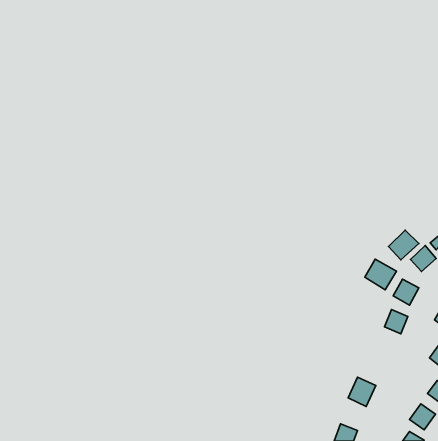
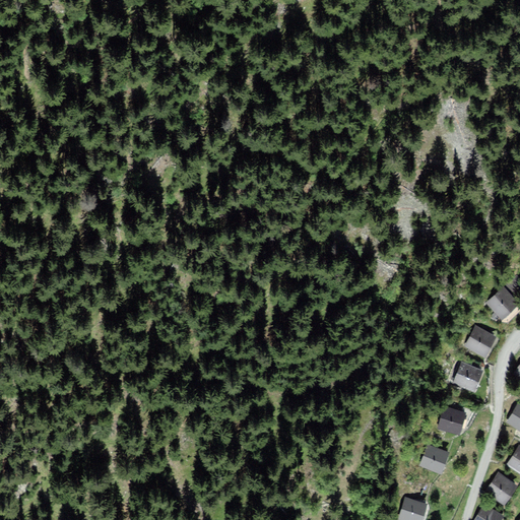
building: [388,230,419,260] -> none
building: [365,259,396,290] -> none
building: none -> [440,407,465,434]

